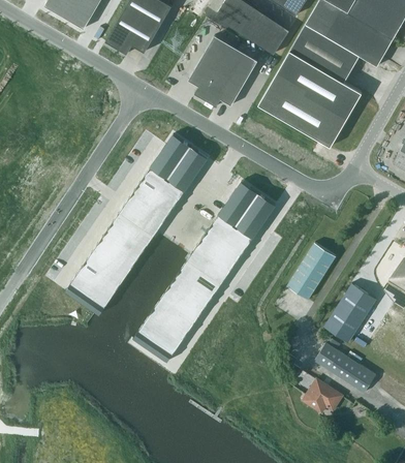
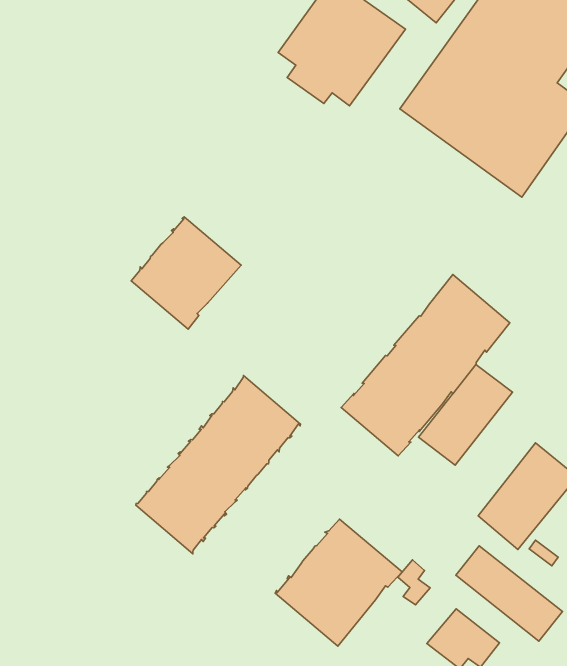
building: [145,134,208,199] -> none
building: [186,181,275,284] -> [341,274,510,456]
building: [65,214,153,315] -> none
building: none -> [275,519,402,646]

